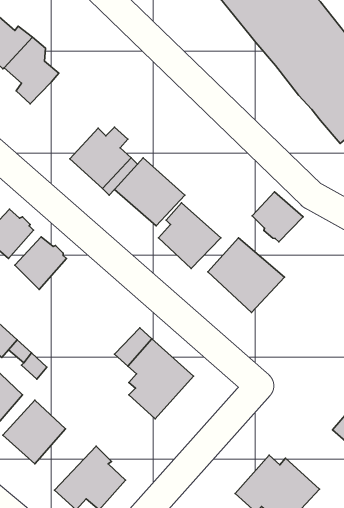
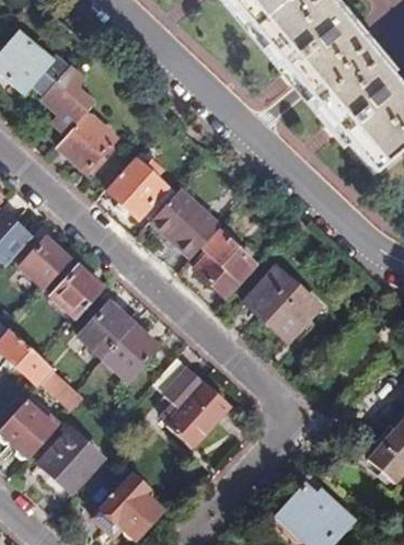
building: none -> [57,112,116,170]
building: [252,192,303,242] -> none
building: none -> [78,301,157,379]

